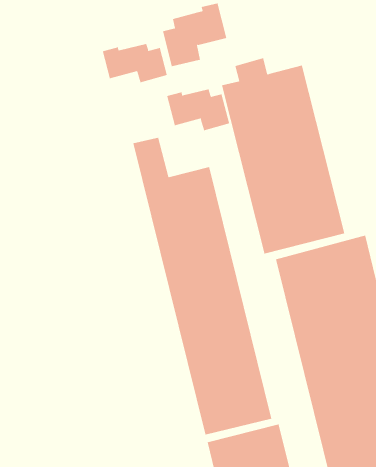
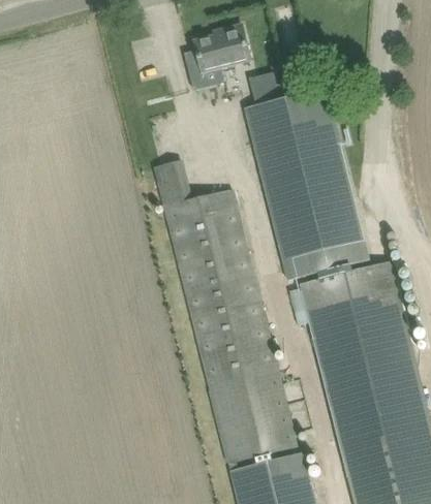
building: [102,43,167,83] -> none
building: [167,89,230,131] -> none

